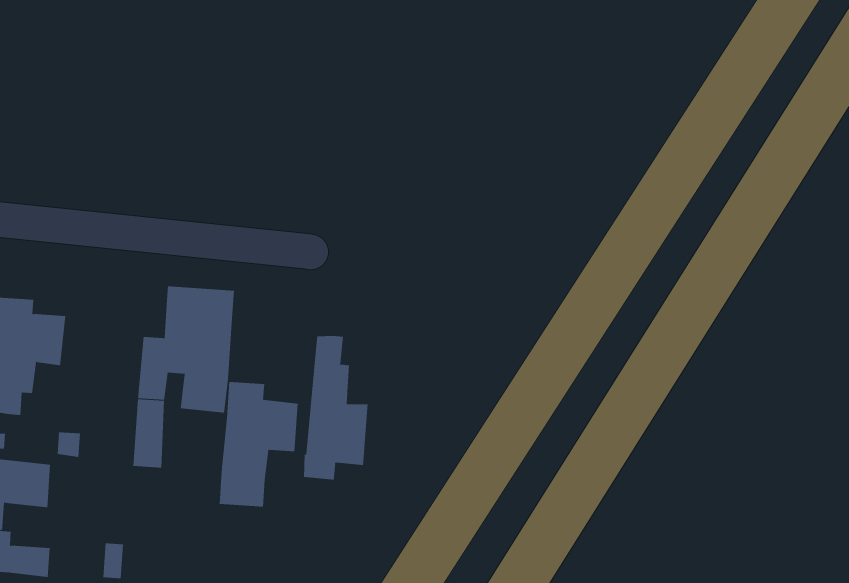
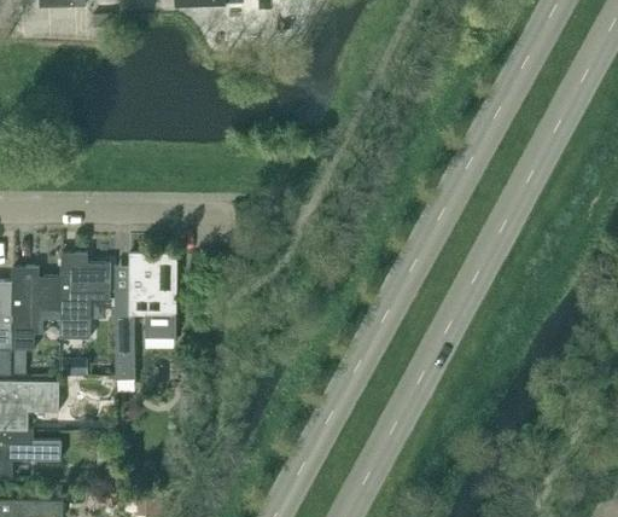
building: [303,335,368,480] -> none
building: [219,381,299,507] -> [59,252,110,338]

